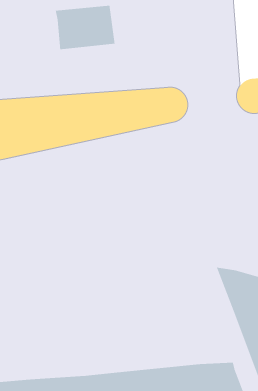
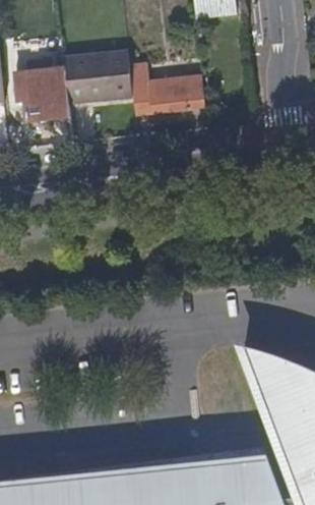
building: none -> [17,69,69,122]
building: none -> [129,72,204,117]

